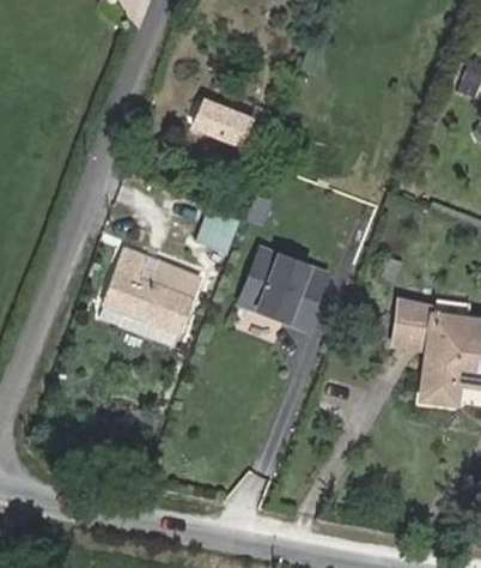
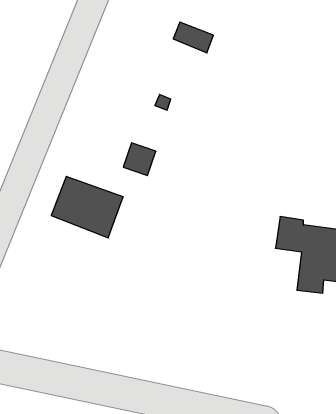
building: [195,103,246,143] -> [173,22,213,53]
building: [237,241,334,330] -> none

